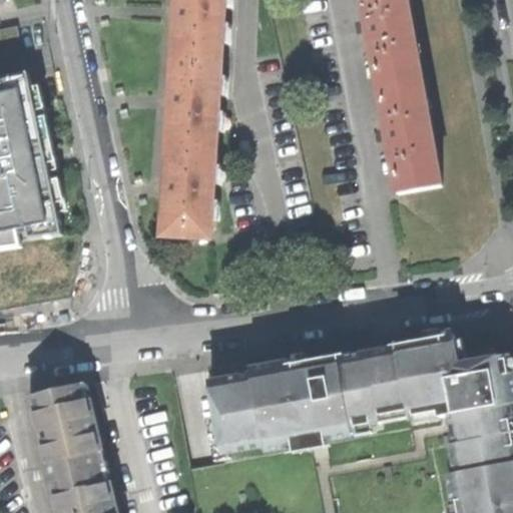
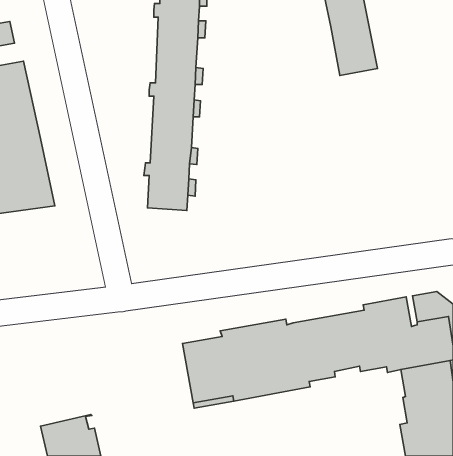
building: [379,76,440,190] -> none
building: [24,380,101,475] -> none

